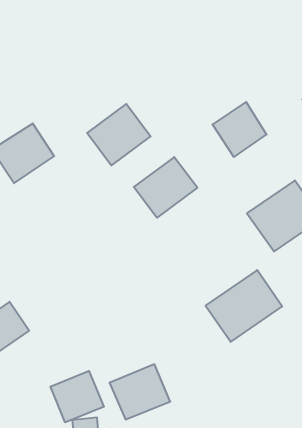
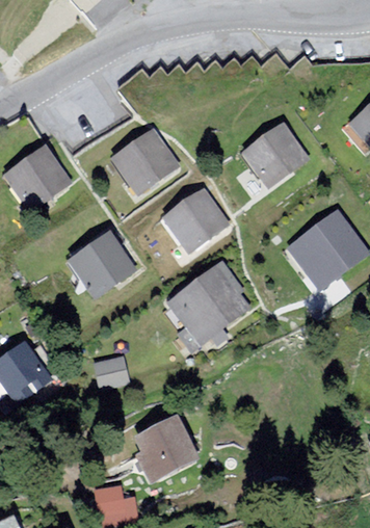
building: none -> [68,231,138,299]
building: [206,270,282,342] -> [166,265,252,345]
building: none -> [88,357,127,388]
building: [50,371,104,422] -> none

